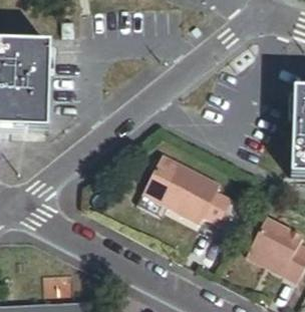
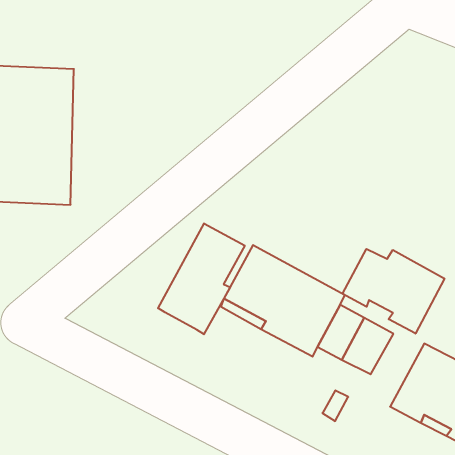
building: none -> [158,223,245,334]
building: none -> [343,249,444,334]

